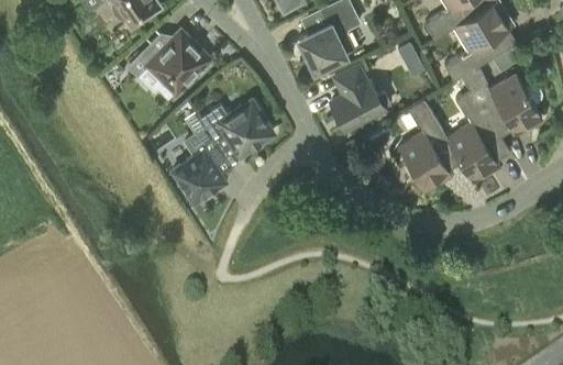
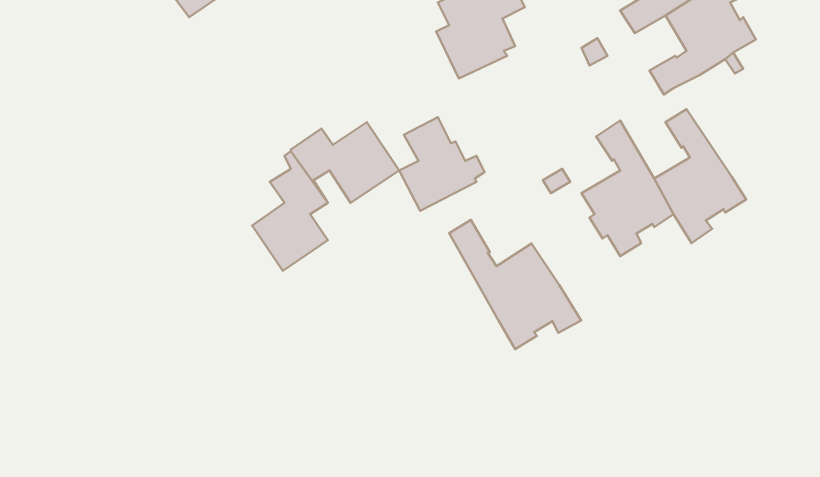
building: [130,29,211,96] -> none
building: [332,65,390,129] -> [399,117,485,211]
building: [461,67,542,136] -> none
building: none -> [449,220,581,349]

